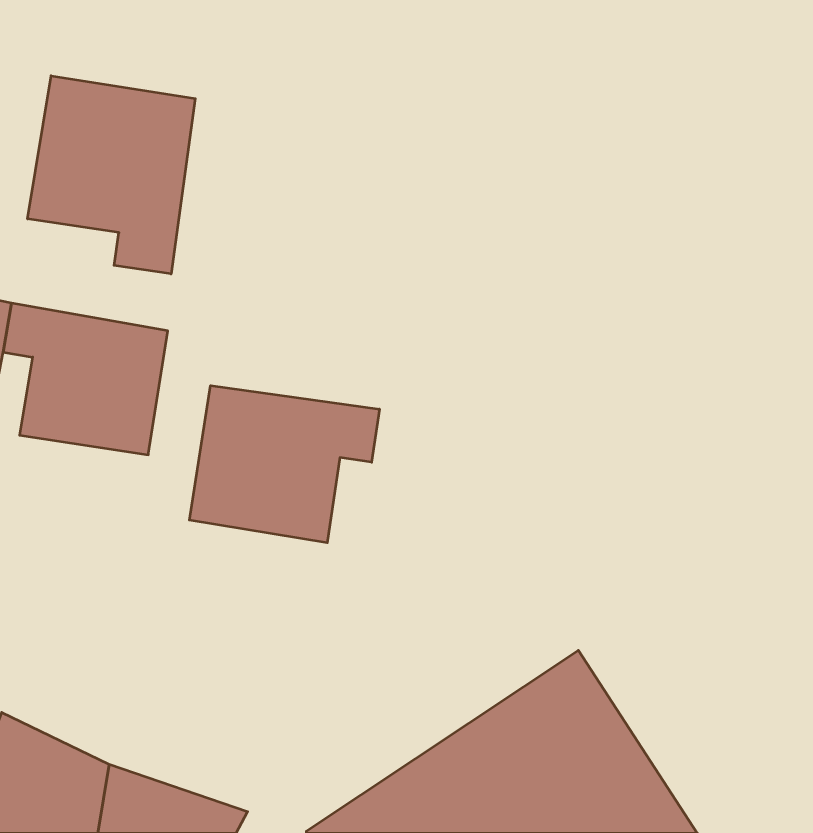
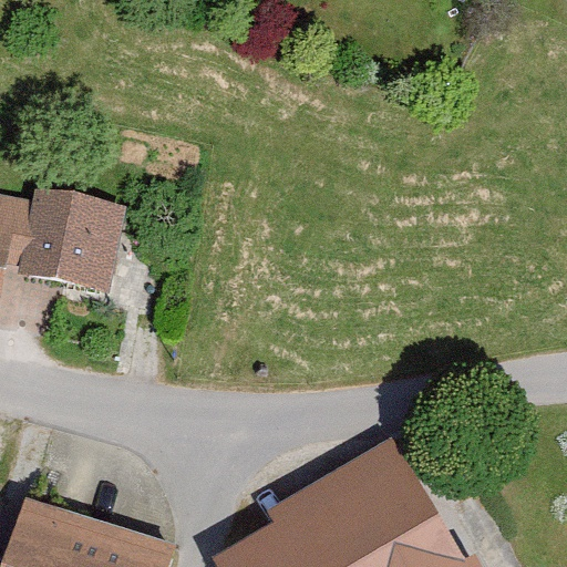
building: [28,76,195,274] -> none
building: [189,386,379,543] -> none

